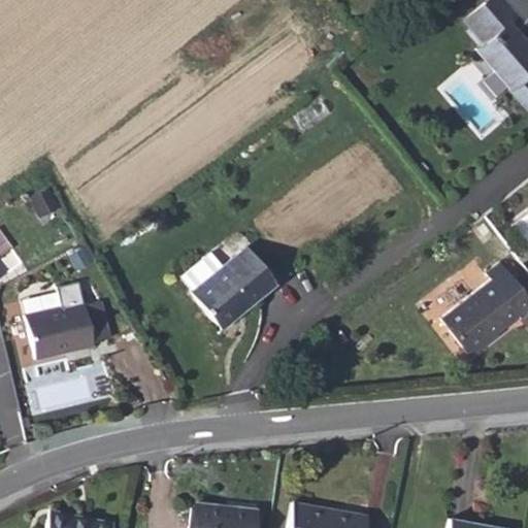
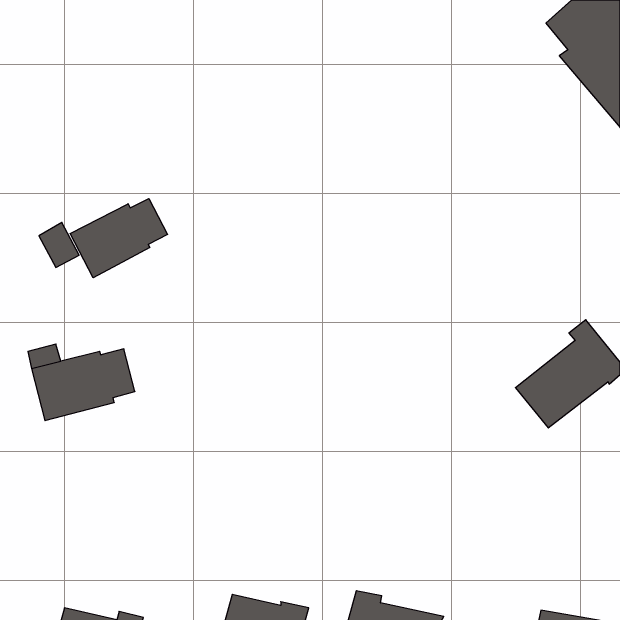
building: none -> [70,199,168,278]
building: [178,240,276,324] -> none

